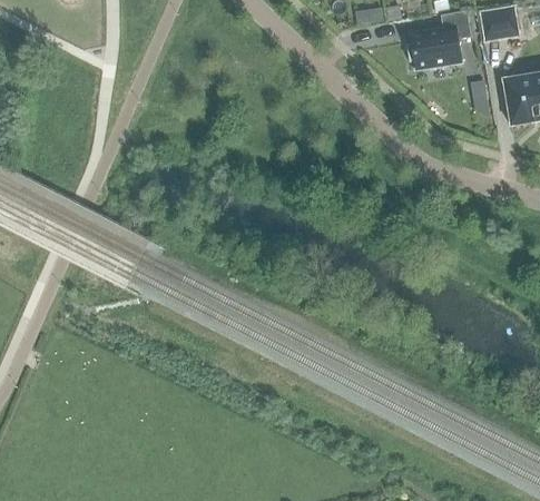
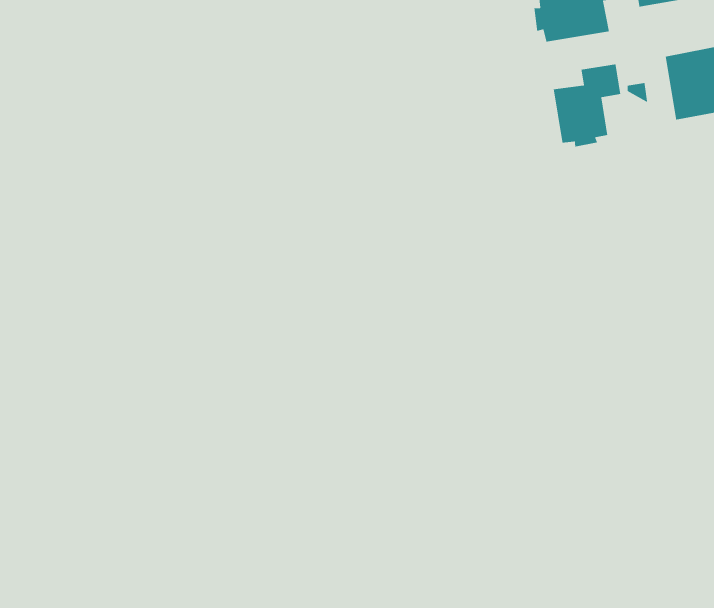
building: none -> [553,63,621,148]

